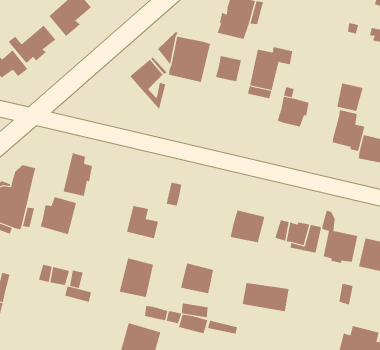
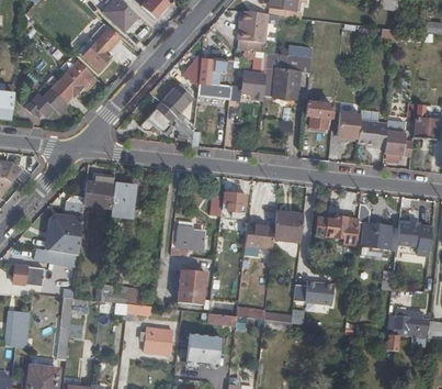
building: none -> [140,100,194,142]
building: [336,83,363,112] -> [339,111,362,136]
building: none -> [223,192,249,213]
building: [40,197,77,235] -> [84,174,116,208]
building: [180,263,214,294] -> [246,223,275,249]
building: none -> [140,329,171,354]

